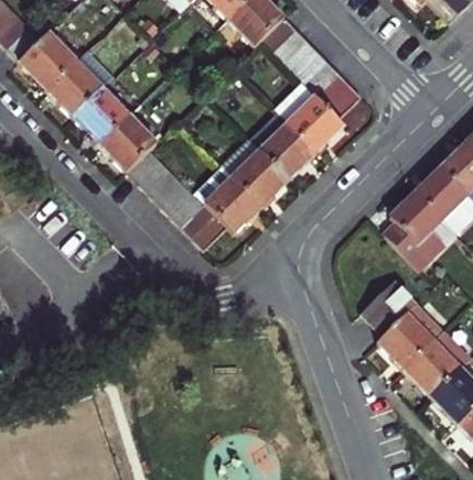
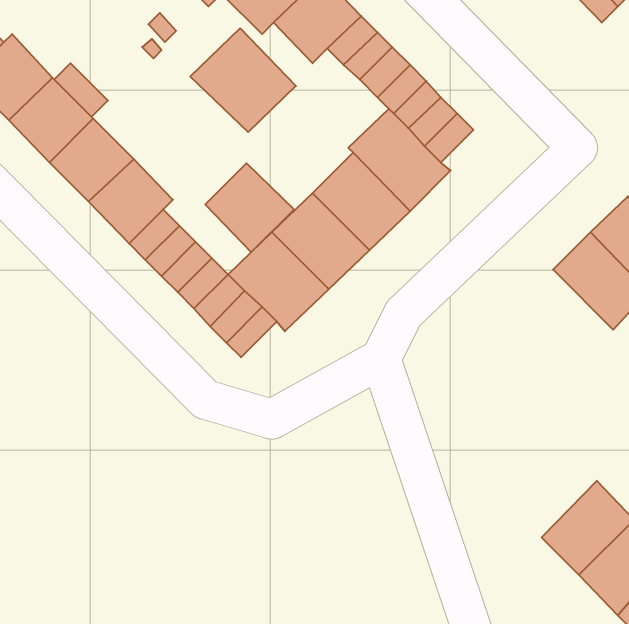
building: none -> [190,28,296,132]
building: none -> [205,163,294,252]
building: [380,190,456,271] -> none
building: [363,282,444,372] -> none

